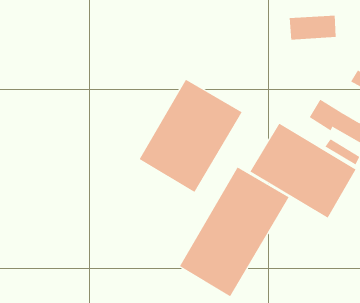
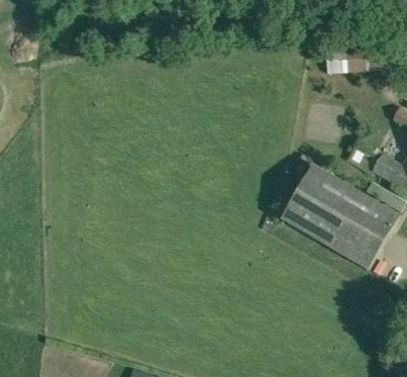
building: [139,79,242,193] -> none
building: [179,167,290,297] -> none

